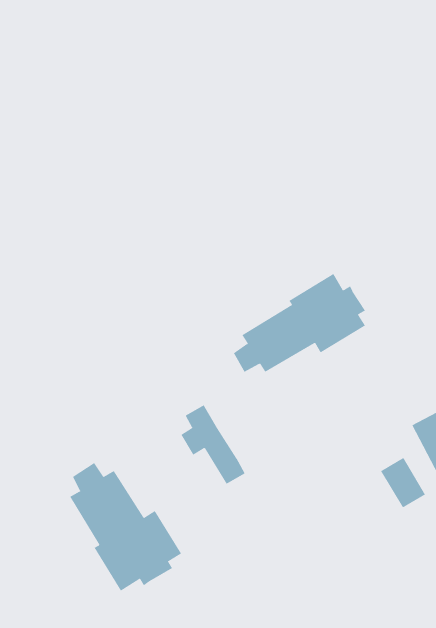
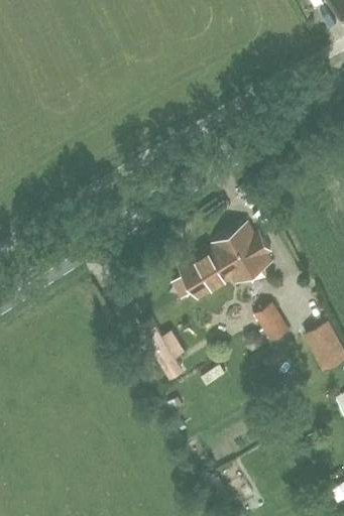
building: [380,457,426,508] -> [255,304,289,342]
building: [69,462,182,591] -> none

